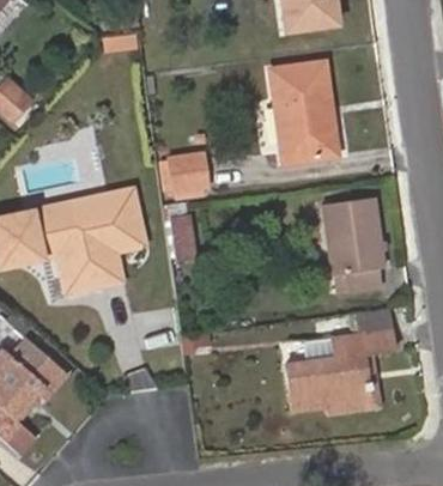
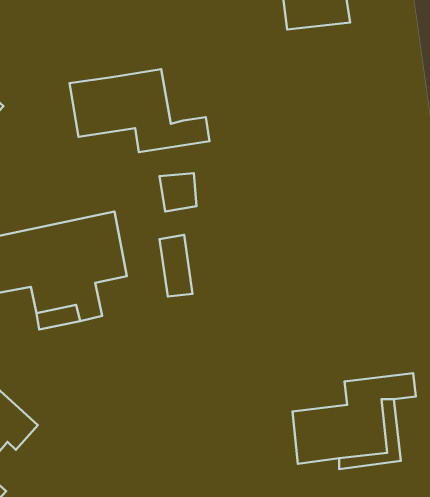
building: [268,60,335,162] -> none
building: none -> [69,69,210,152]
building: [322,199,381,291] -> none

